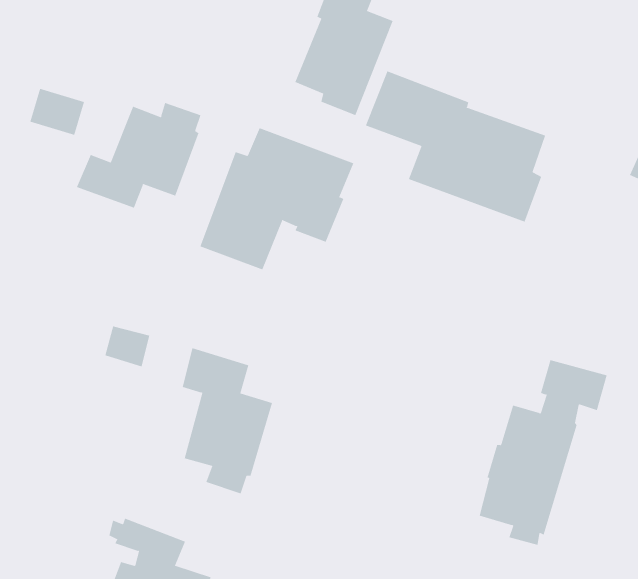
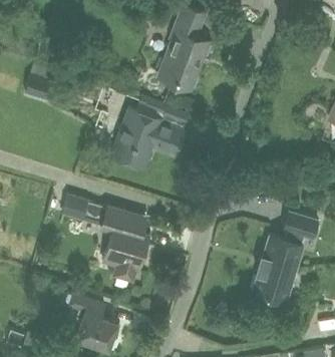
building: [365,70,546,223] -> none
building: [76,102,201,209] -> none

